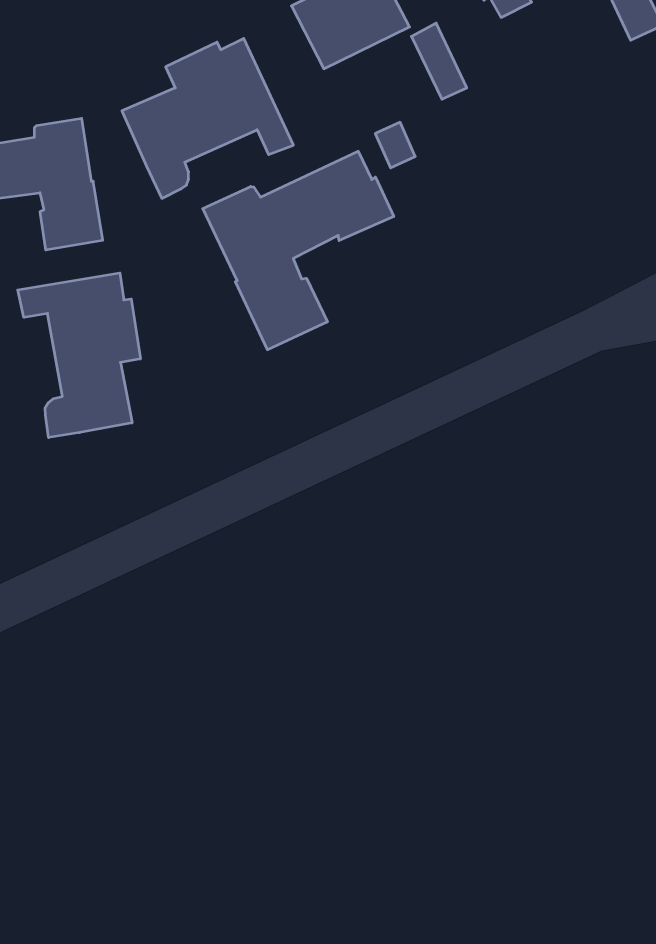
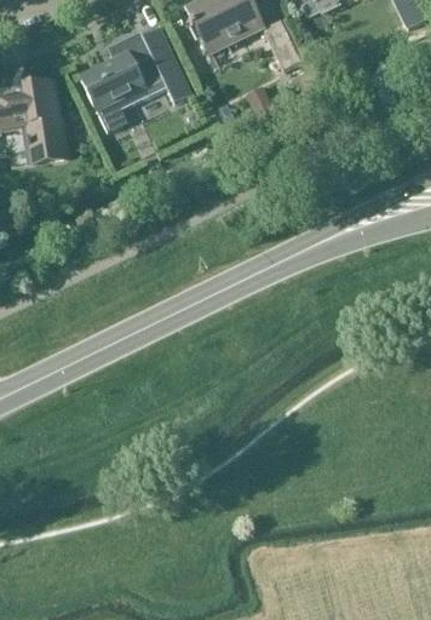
building: [203,151,394,350] -> none
building: [18,273,140,438] -> none

